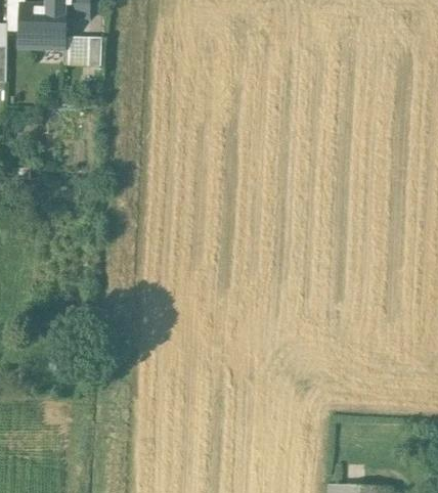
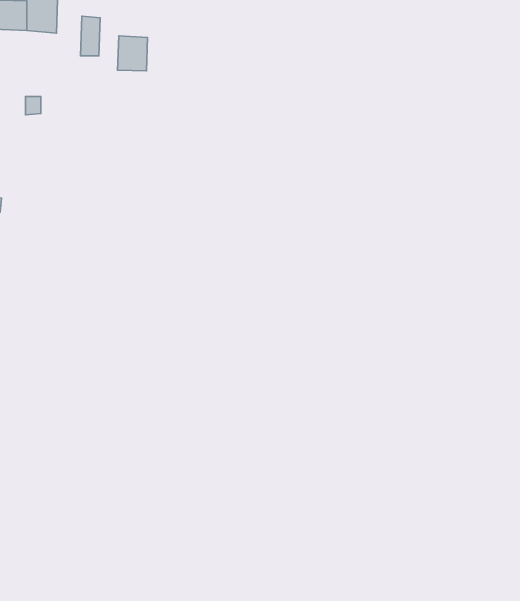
building: none -> [118,36,148,71]

